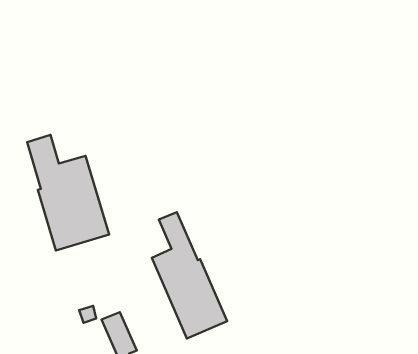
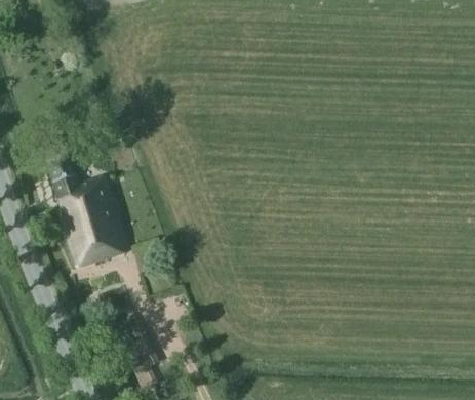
building: [152,212,227,339] -> none

